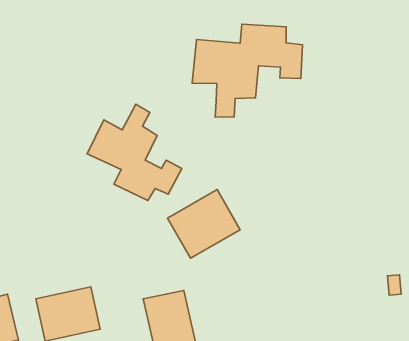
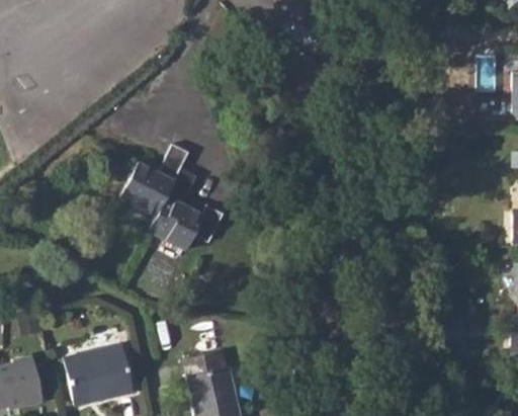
building: [192,24,303,117] -> none
building: [167,190,240,258] -> none

